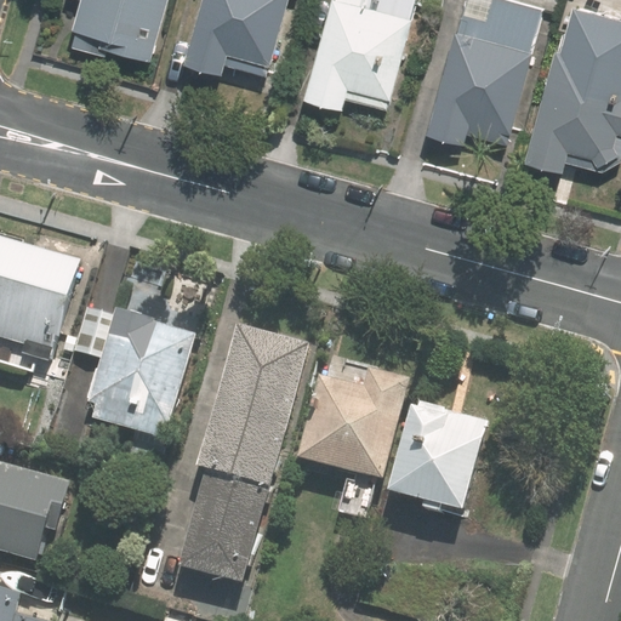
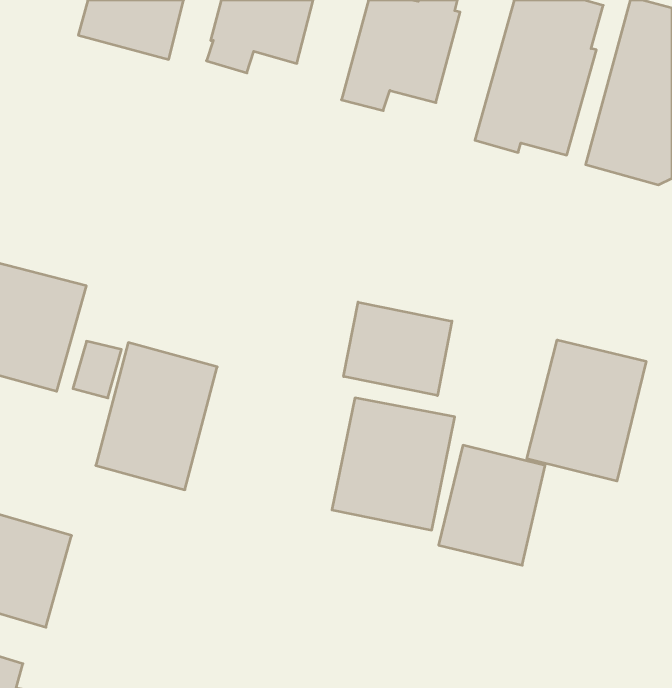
building: none -> [344,302,452,396]
building: none -> [527,340,646,481]
building: [182,326,306,581] -> none

